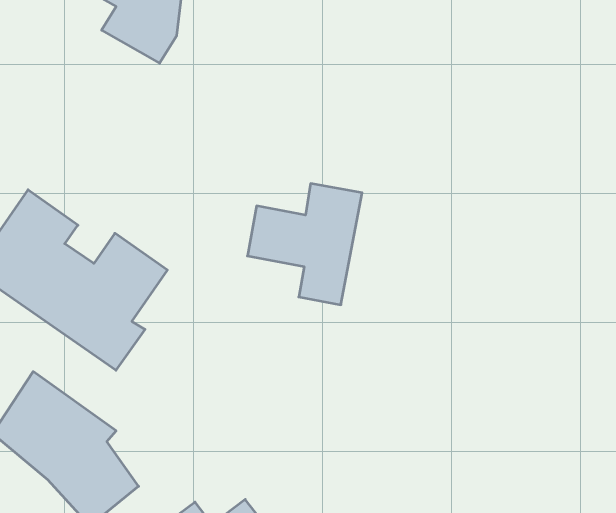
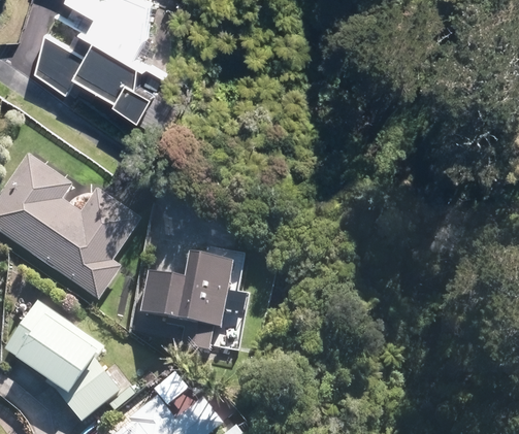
building: none -> [37,29,155,118]
building: [247,184,362,305] -> [141,255,231,349]

